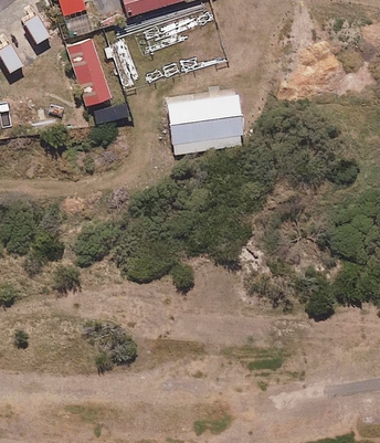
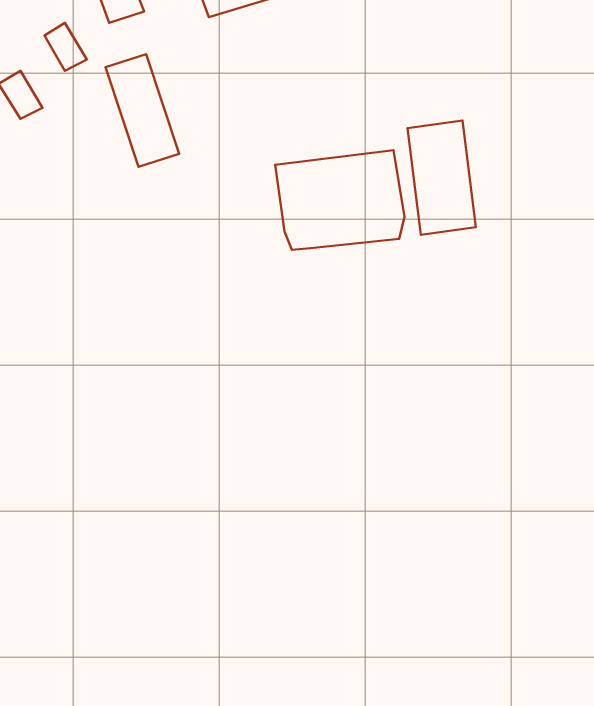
building: none -> [408,121,476,235]

